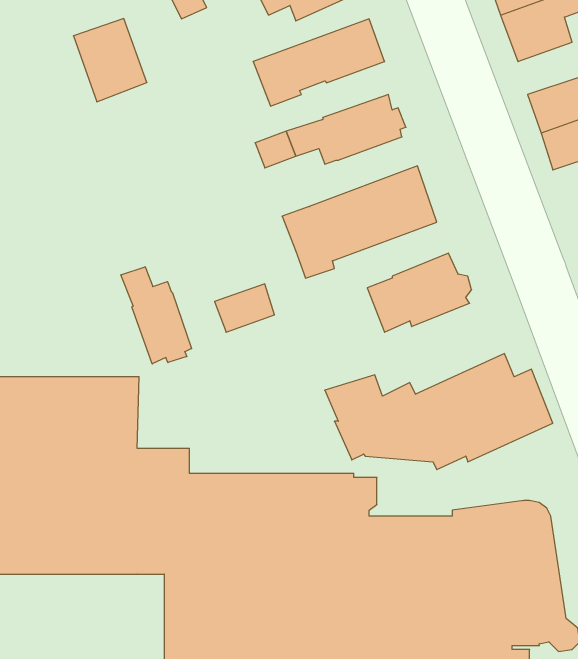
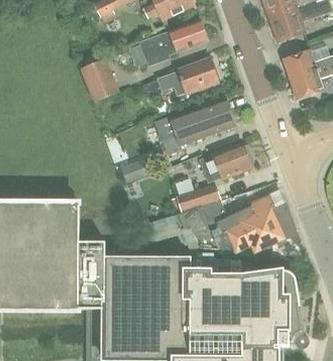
building: [73,19,147,102] -> [81,56,119,100]
building: [121,267,192,364] -> none
building: none -> [176,182,220,210]

